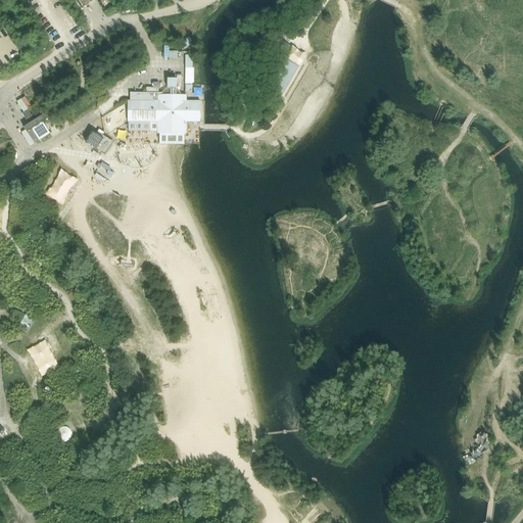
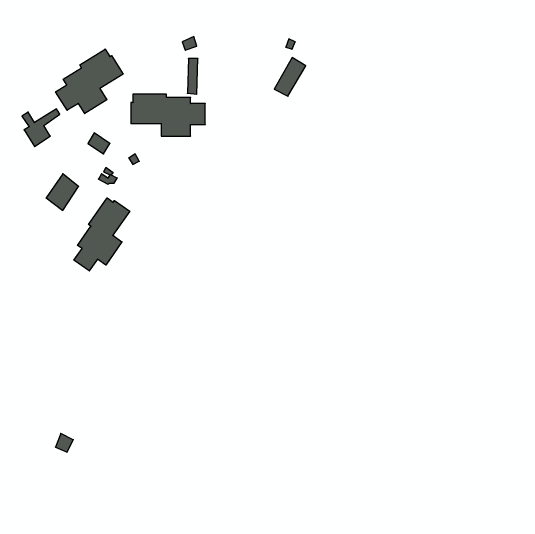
building: none -> [56,49,123,114]
building: none -> [74,198,130,271]

